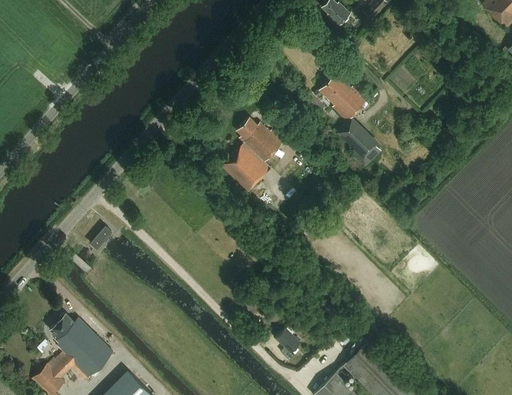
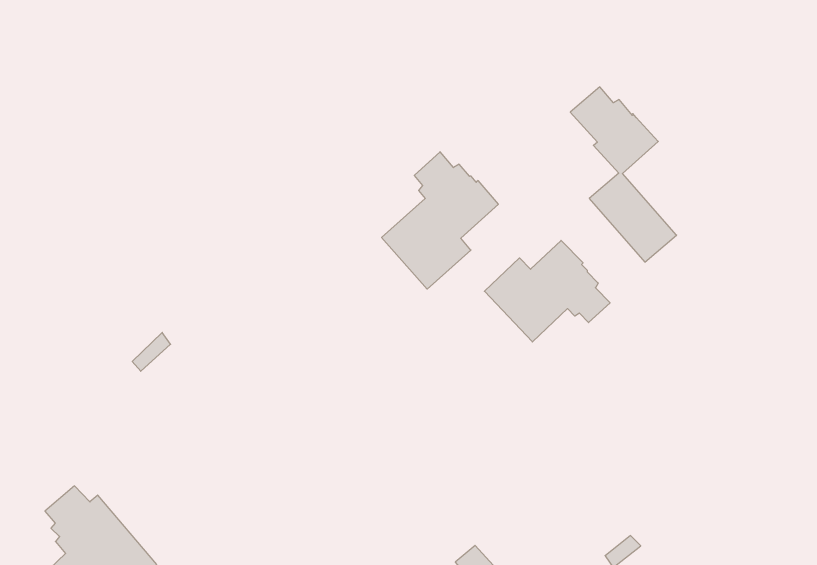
building: none -> [484,240,610,342]

